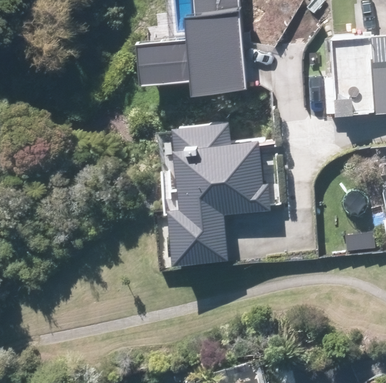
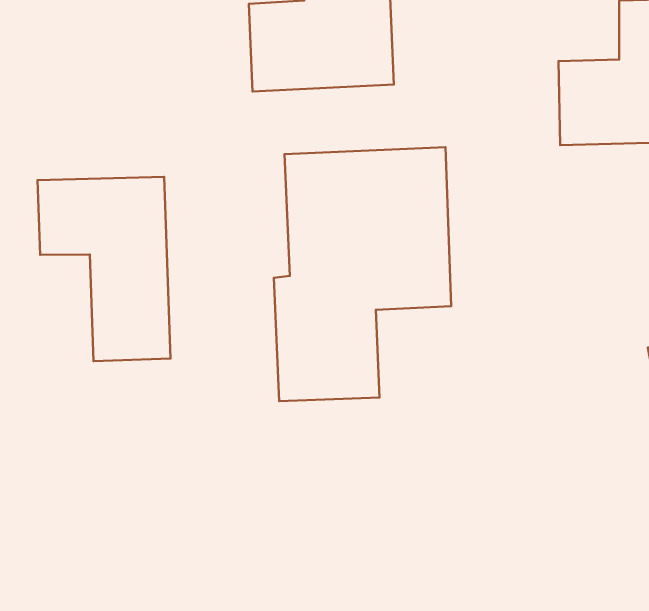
building: none -> [37,177,170,361]

